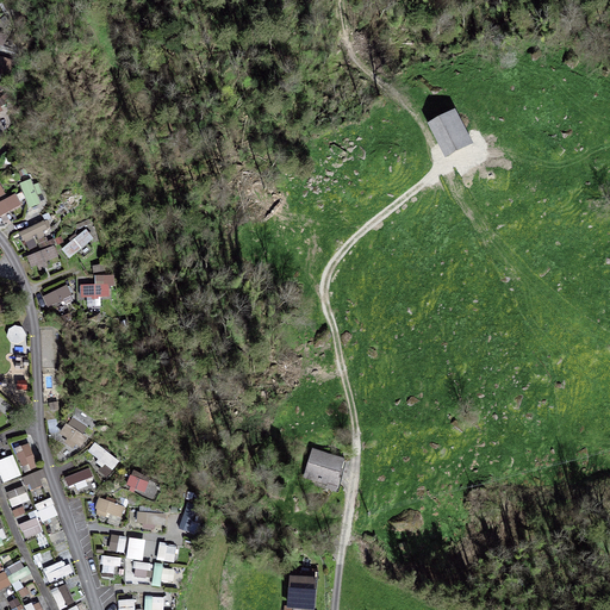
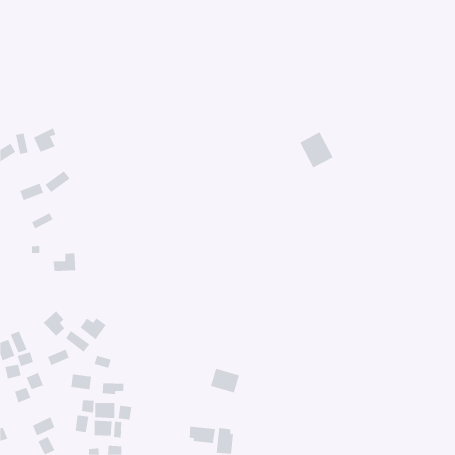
building: [427,112,472,161] -> [299,132,333,168]
building: [19,218,50,251] -> [33,128,56,153]
building: [79,273,110,298] -> [53,253,76,271]
building: none -> [80,318,107,340]
building: [304,452,343,485] -> [210,368,240,393]
building: none -> [189,426,216,444]

